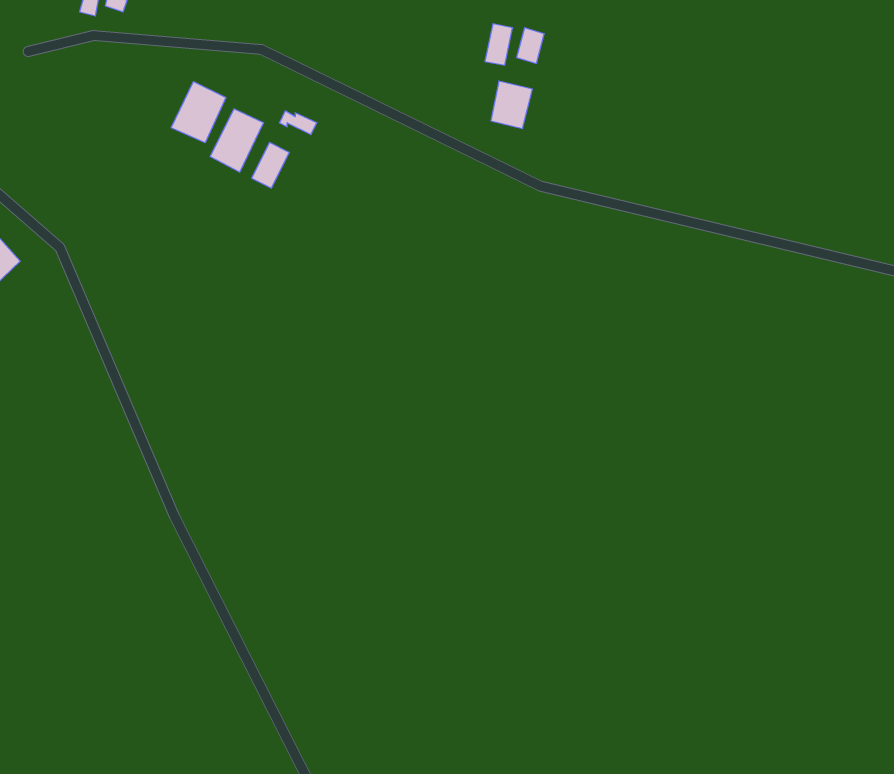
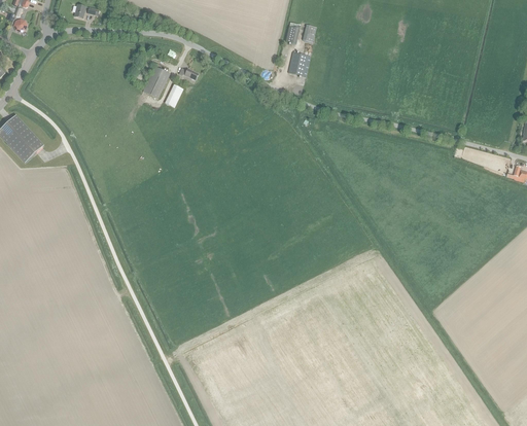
building: [171,82,226,143] -> none

